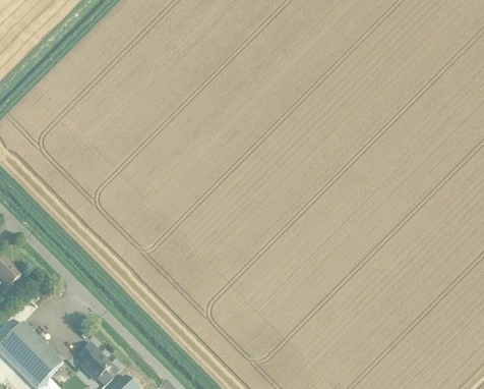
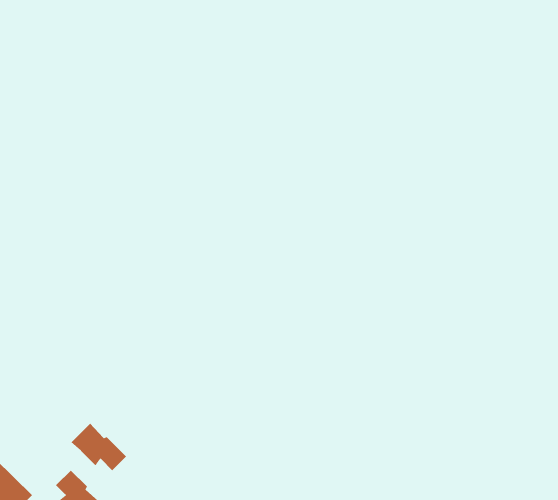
building: none -> [70,423,127,471]

